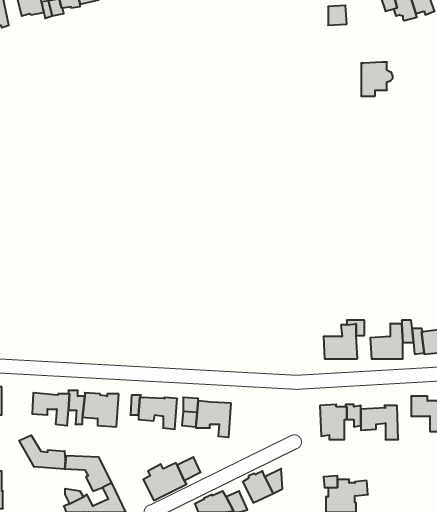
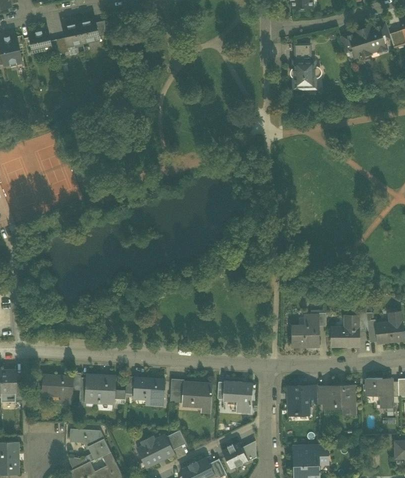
building: [361,62,393,96] -> [293,60,320,89]
building: none -> [223,381,252,413]
building: [19,435,65,469] -> none

